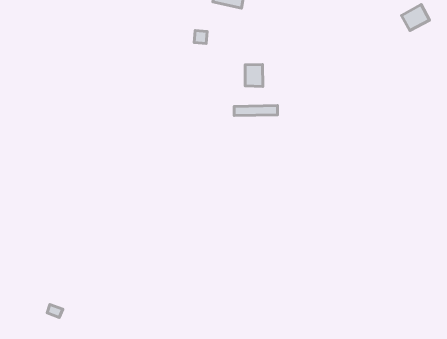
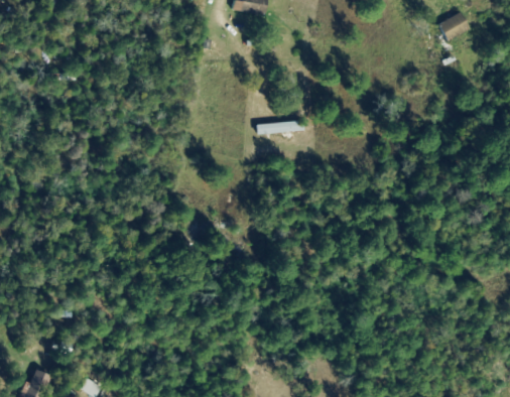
building: [245,64,263,86] -> none

